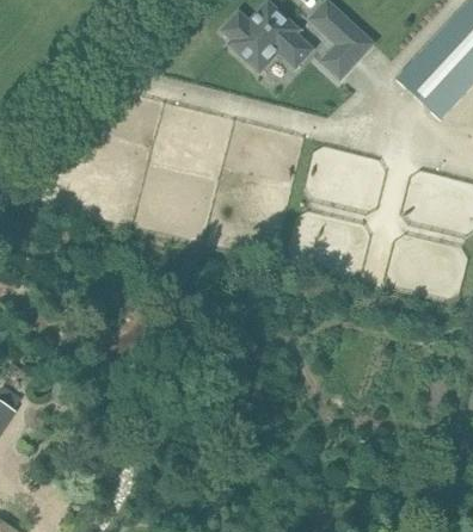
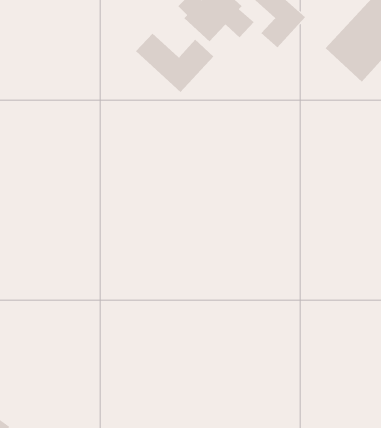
building: none -> [135,33,214,93]

